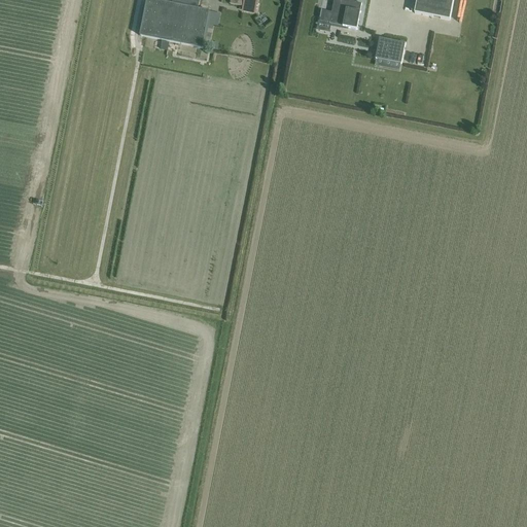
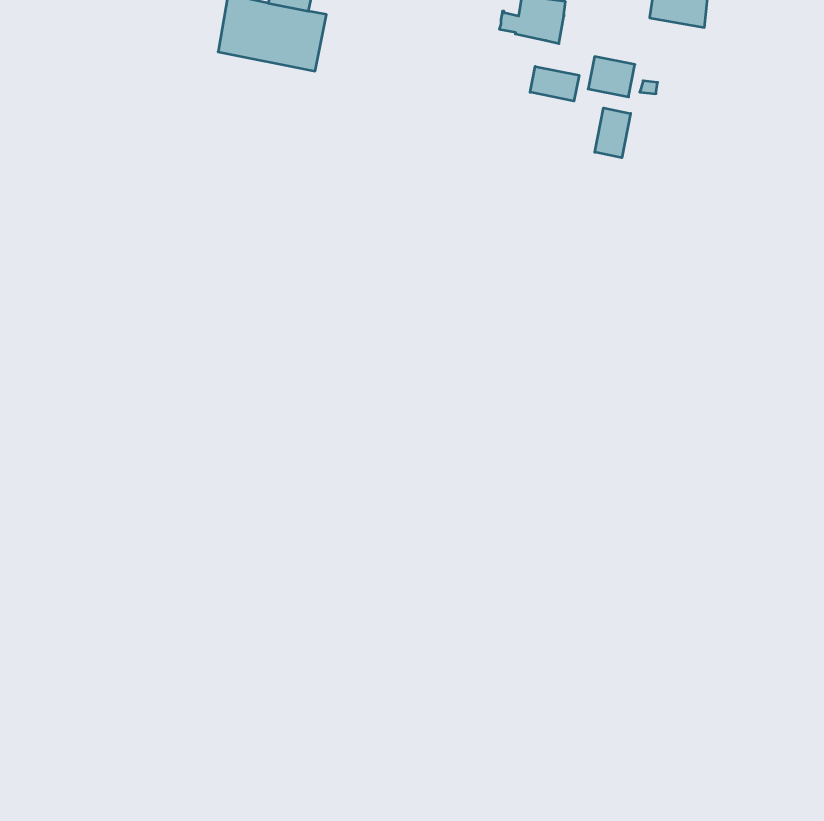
building: none -> [530,66,579,101]
building: none -> [595,108,631,158]

